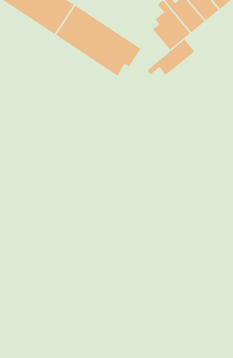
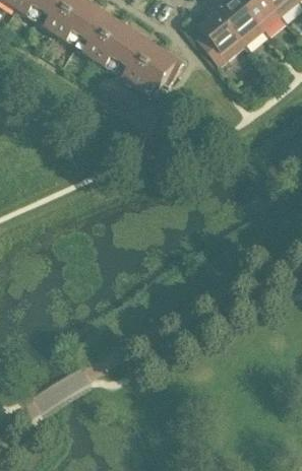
building: [147,39,195,76] -> none

